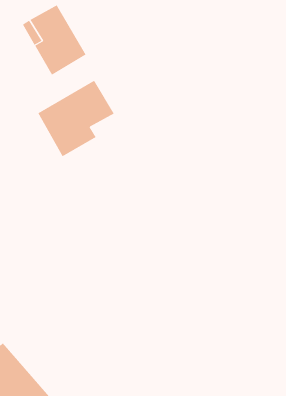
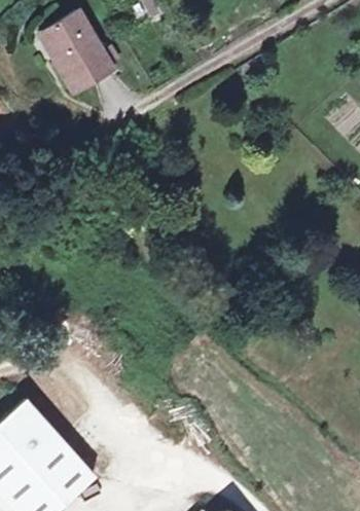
building: [37,80,114,157] -> none

